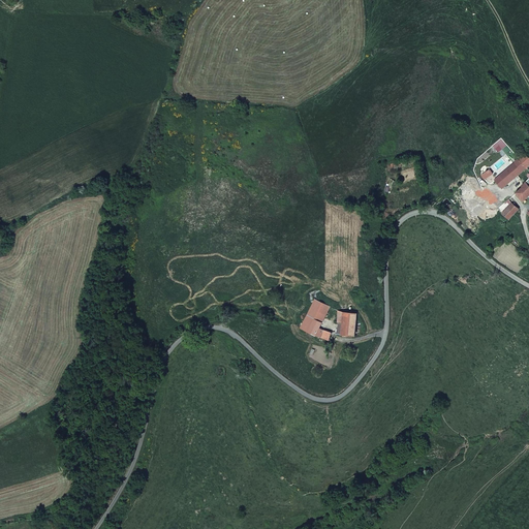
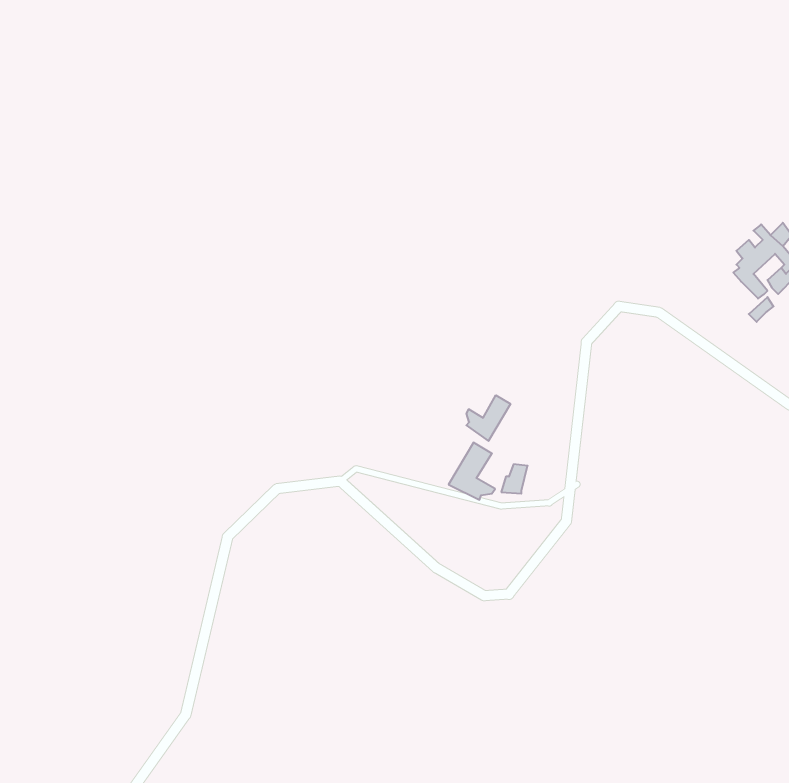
building: none -> [466,395,510,441]

